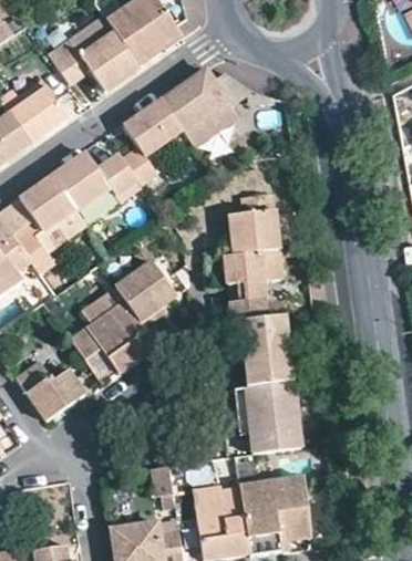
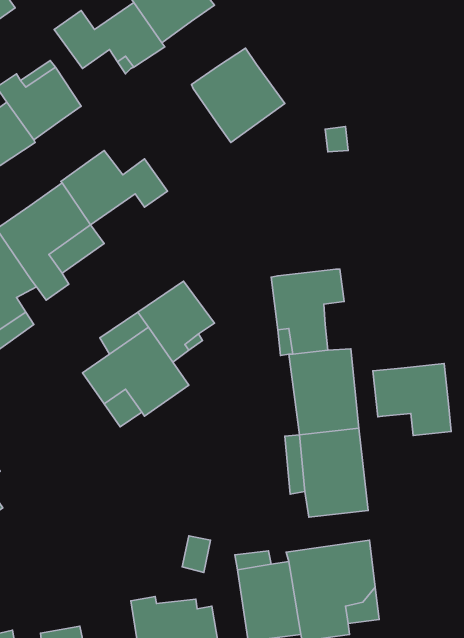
building: [120,102,181,186] -> none
building: [225,193,277,256] -> none
building: none -> [373,364,451,436]
building: [13,359,84,419] -> none

